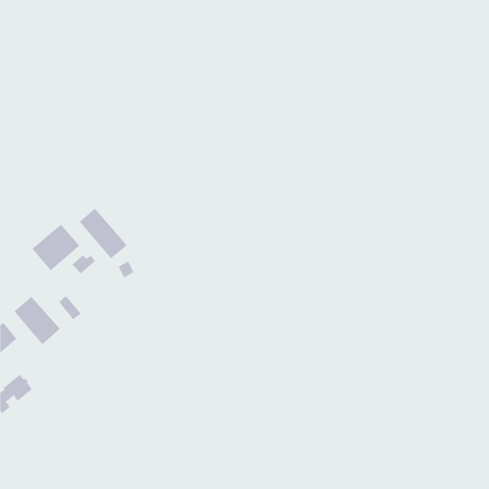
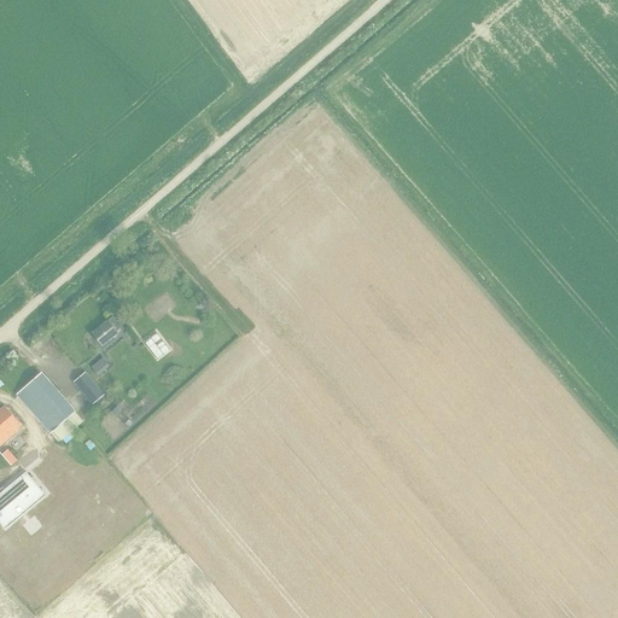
building: [79,208,128,259] -> none
building: [32,224,80,271] -> none

